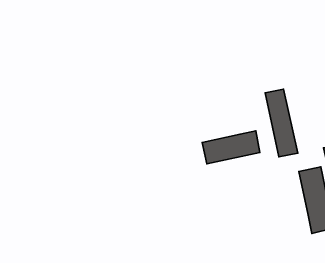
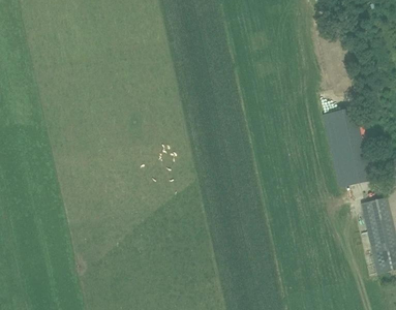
building: [202,131,260,164] -> none

